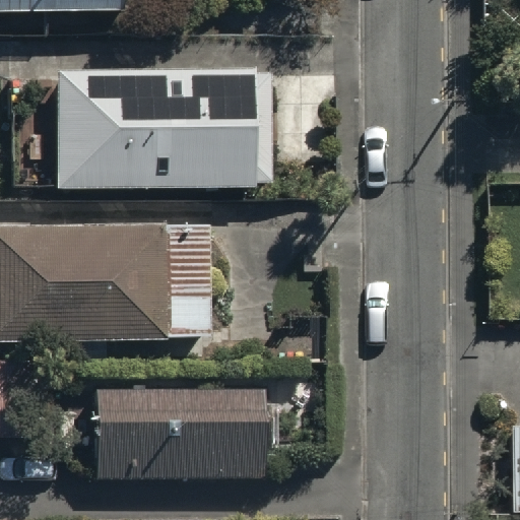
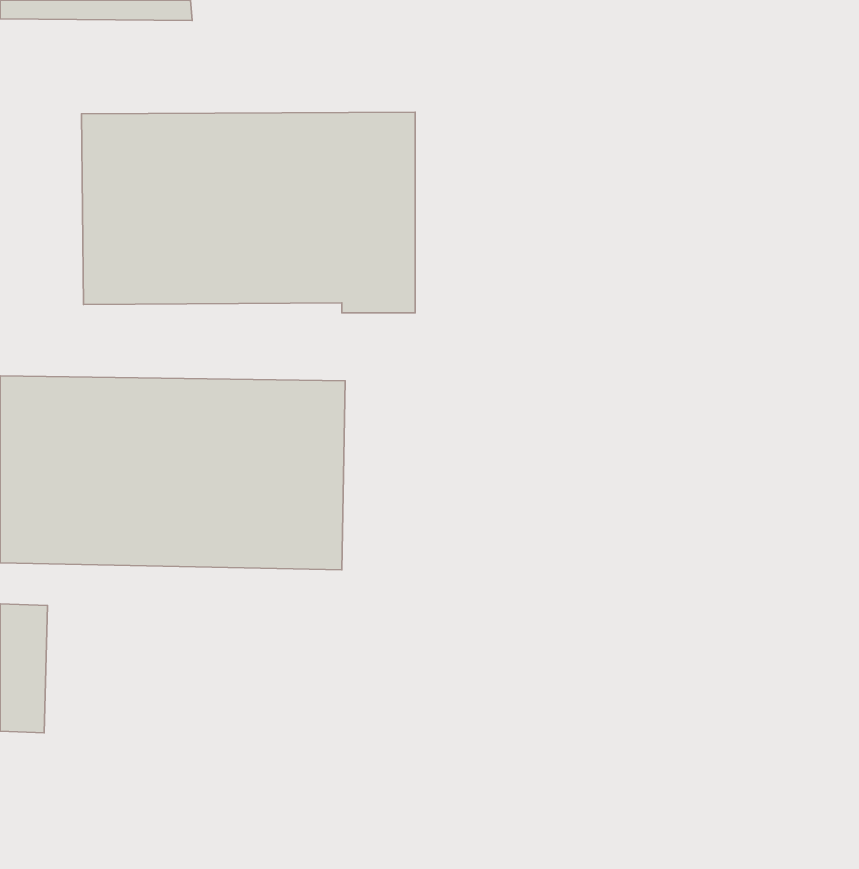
building: [99,388,265,478] -> none

